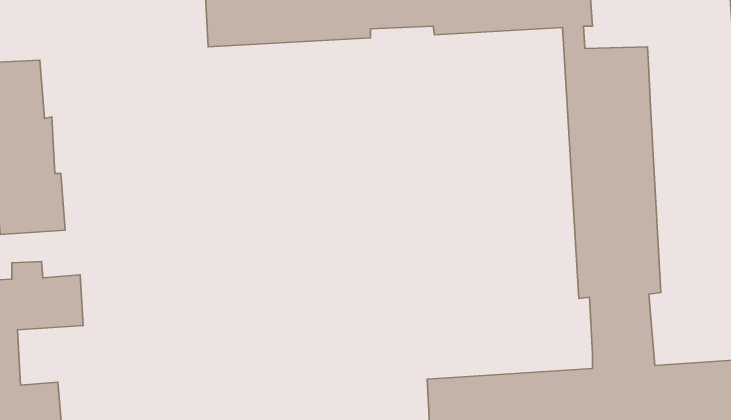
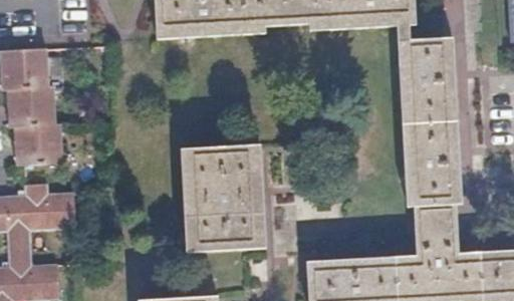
building: none -> [180,146,266,253]

